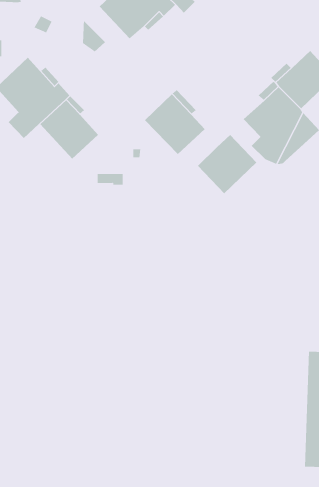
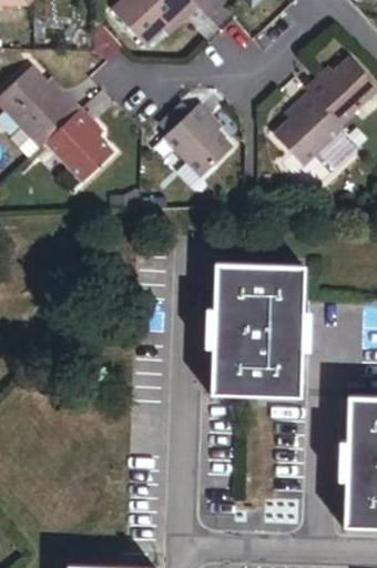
building: [197,134,257,194] -> none
building: none -> [211,263,304,396]

